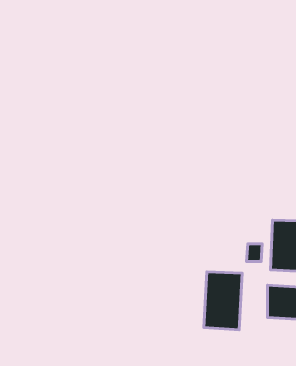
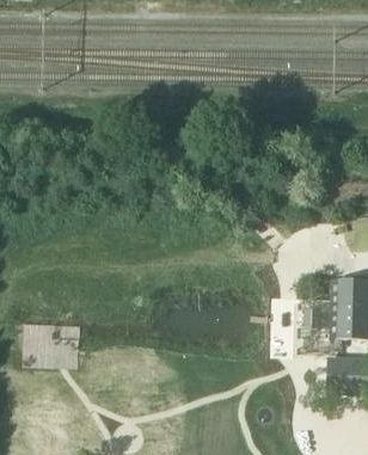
building: [204,272,242,330] -> none

